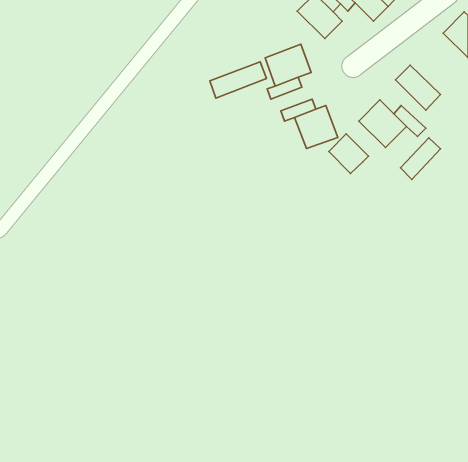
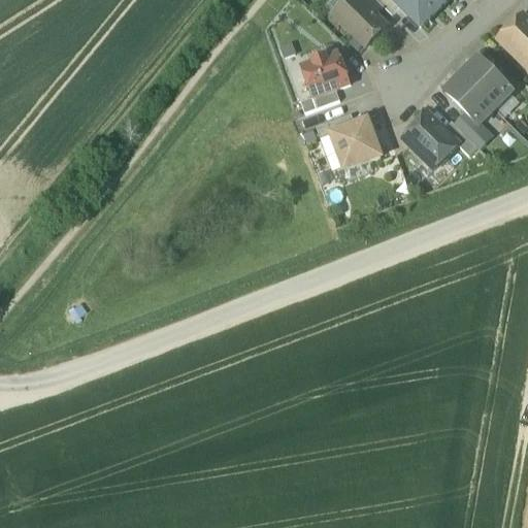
building: none -> [461,56,512,106]
building: [210,62,267,98] -> none
building: [329,134,368,174] -> none
building: [400,138,440,179] -> none

